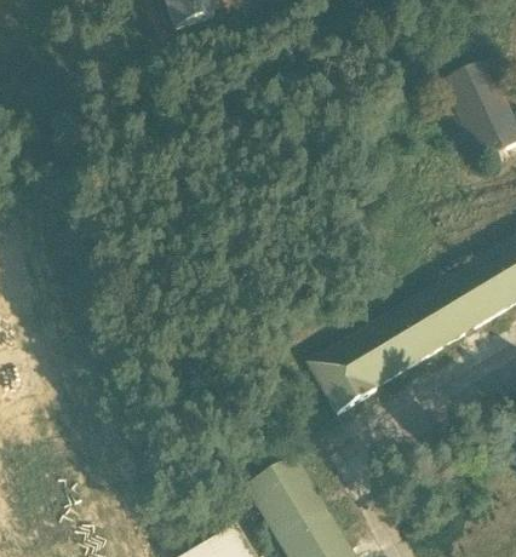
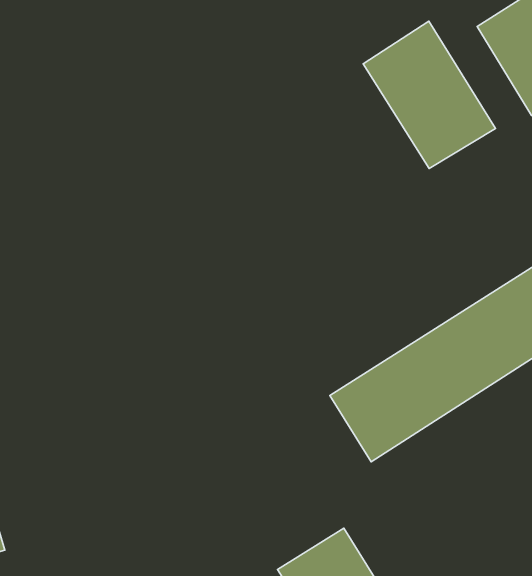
building: none -> [363,21,495,169]

